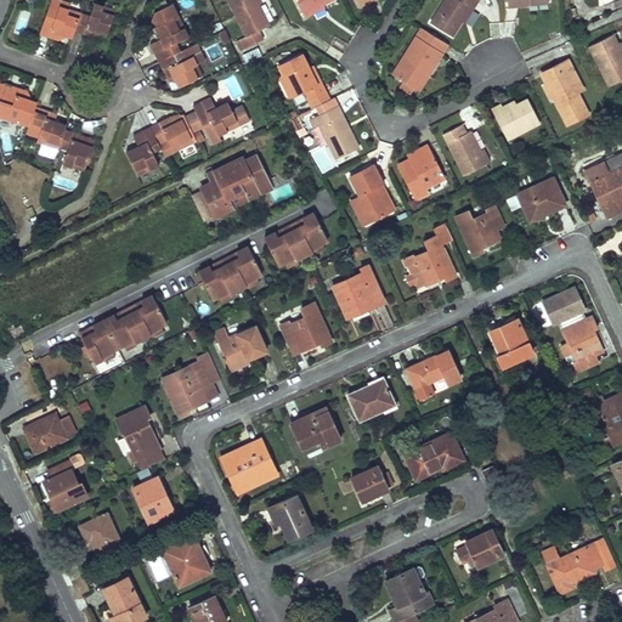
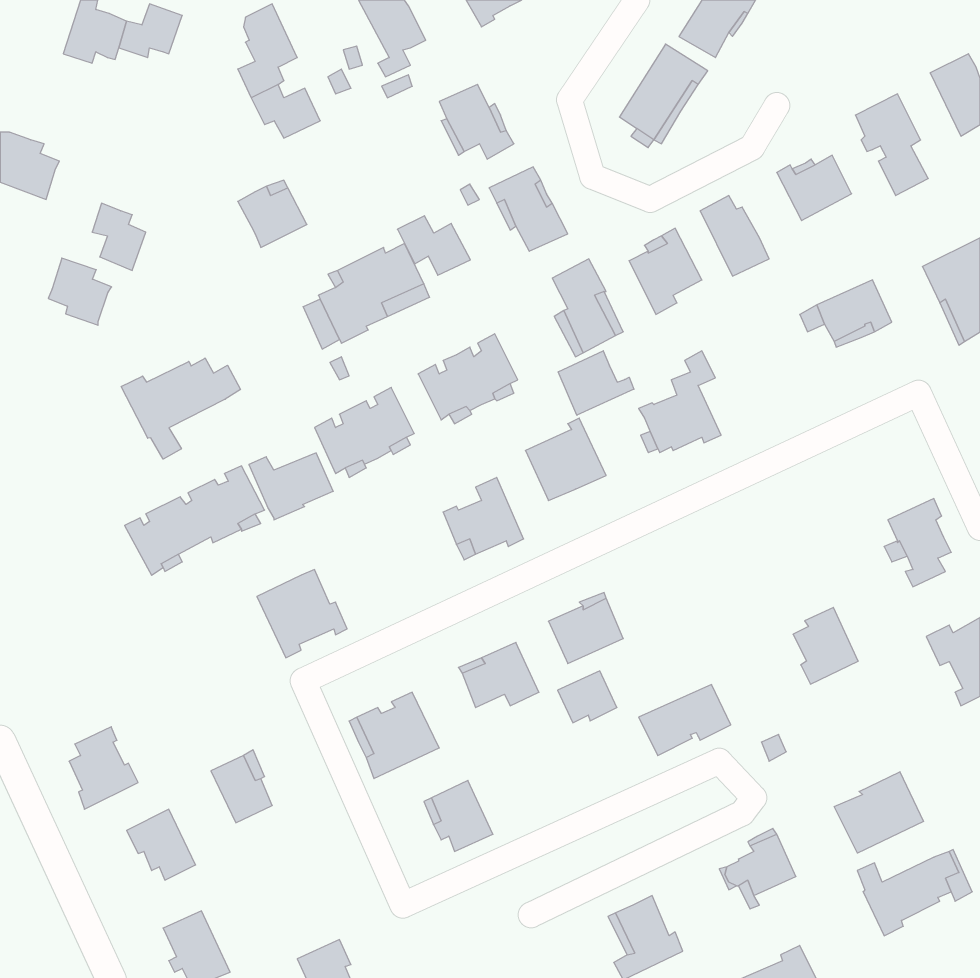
building: [193,98,239,136] -> [397,216,470,275]
building: [27,108,67,151] -> [48,258,112,325]
building: [126,129,162,176] -> none
building: [456,207,504,256] -> none
building: none -> [558,351,634,415]
building: none -> [121,358,240,459]
building: [541,285,587,327] -> none
building: [492,320,533,368] -> [793,607,858,684]
building: [214,327,267,369] -> [249,453,333,520]
building: [407,351,460,401] -> none
building: [115,407,160,463] -> none
building: [24,414,77,454] -> none
building: [351,466,389,499] -> [558,671,617,723]
building: none -> [834,772,923,853]
building: [163,536,210,586] -> none

